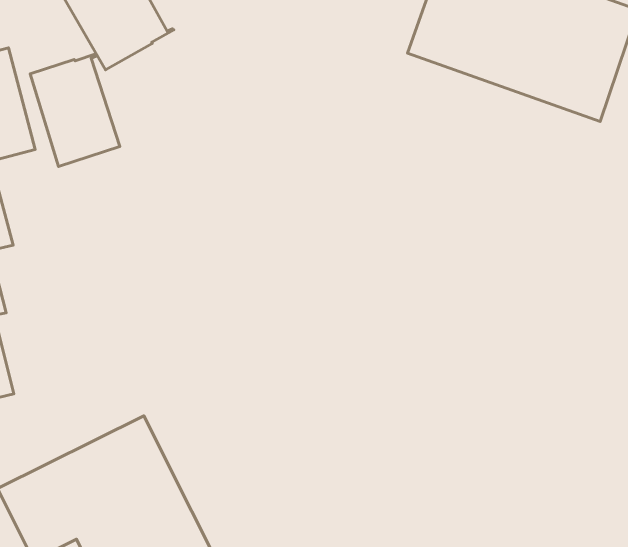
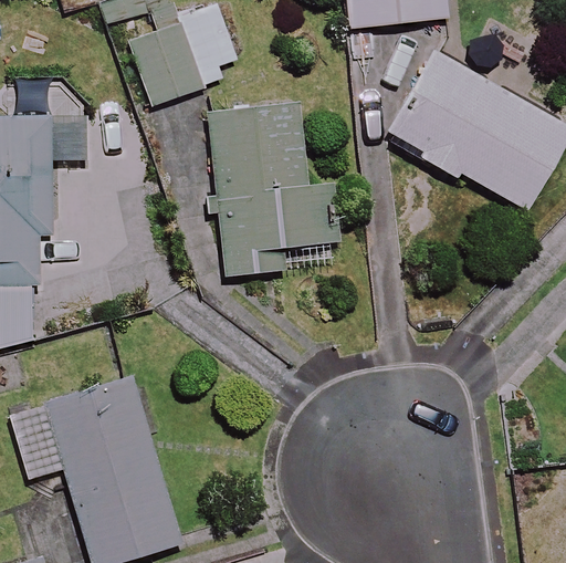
building: none -> [207,103,334,274]
building: [30,54,120,166] -> none

